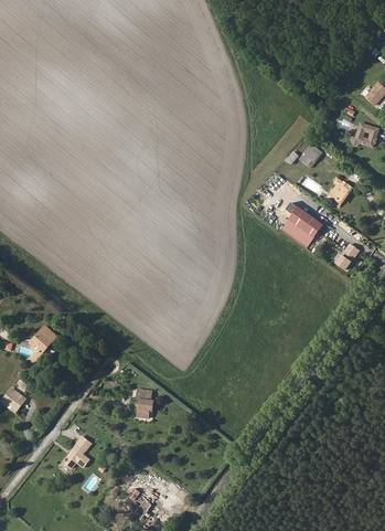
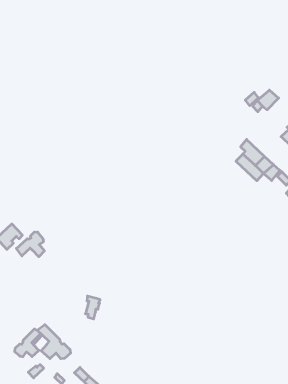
building: none -> [16,232,44,257]
building: none -> [37,325,71,359]

